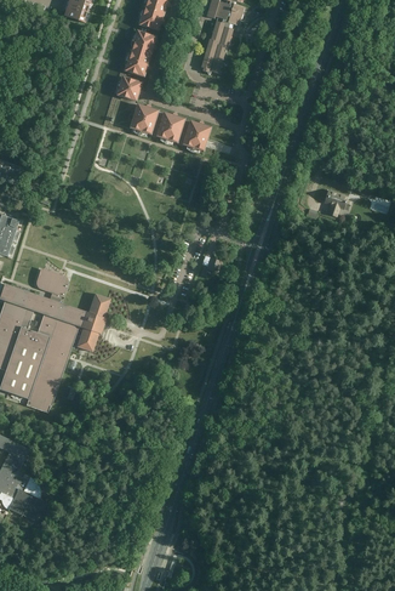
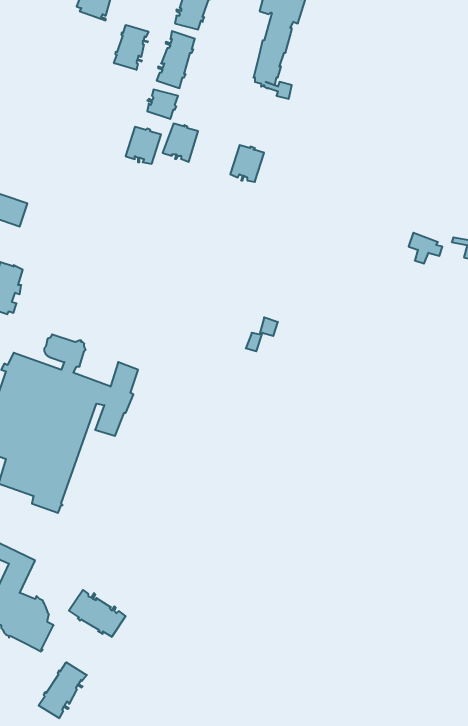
building: none -> [114,25,148,70]
building: [156,113,184,142] -> [126,127,161,164]
building: none -> [69,590,126,637]
building: none -> [39,662,87,718]

